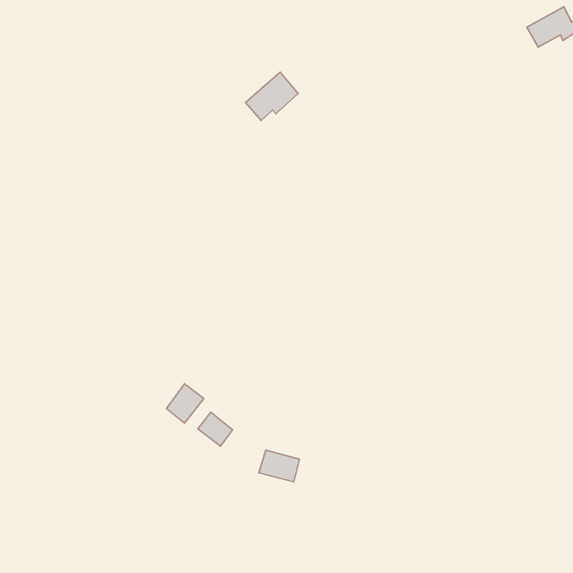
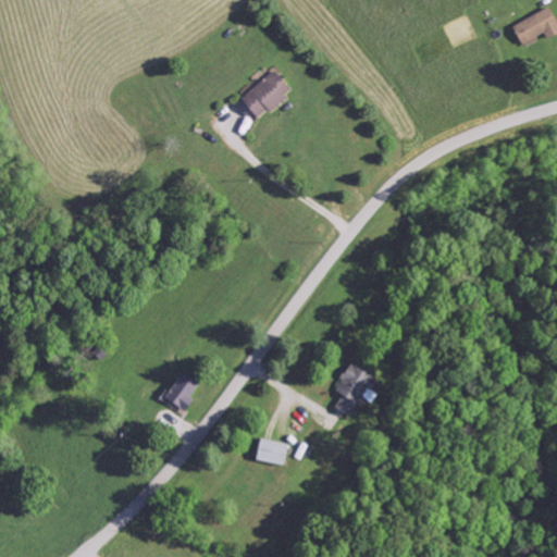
building: none -> [334,361,380,417]
building: [198,412,232,446] -> none

